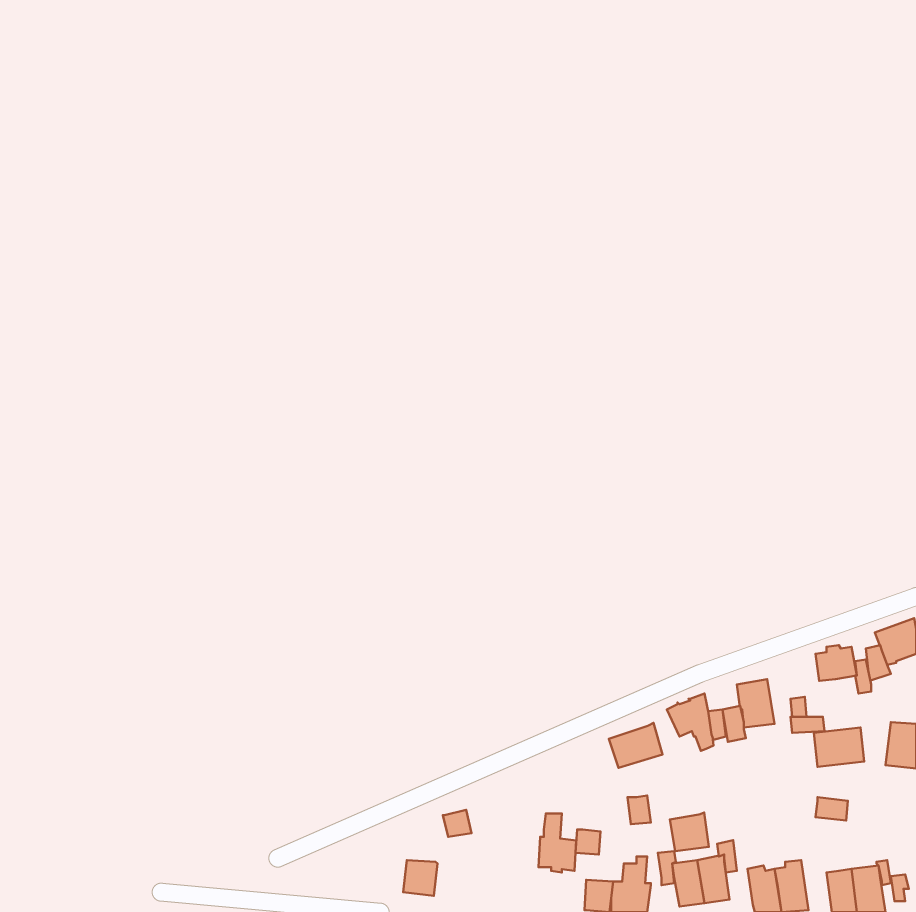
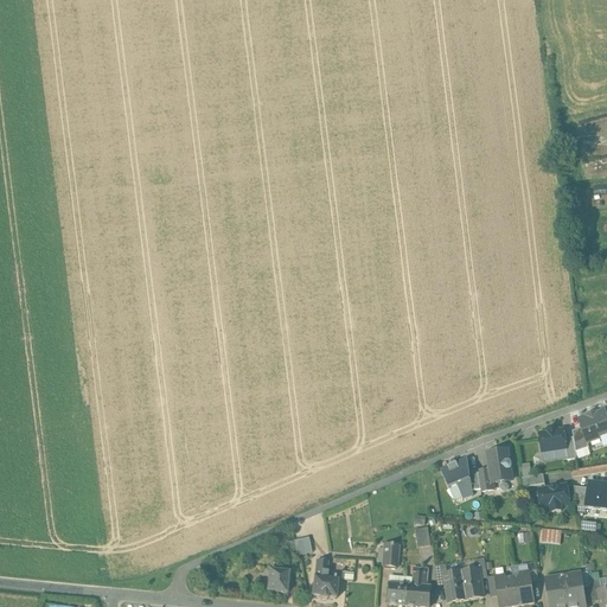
building: [609,723,662,768] -> none
building: [670,812,709,851] -> none
building: [539,813,576,873] -> [312,560,337,599]

